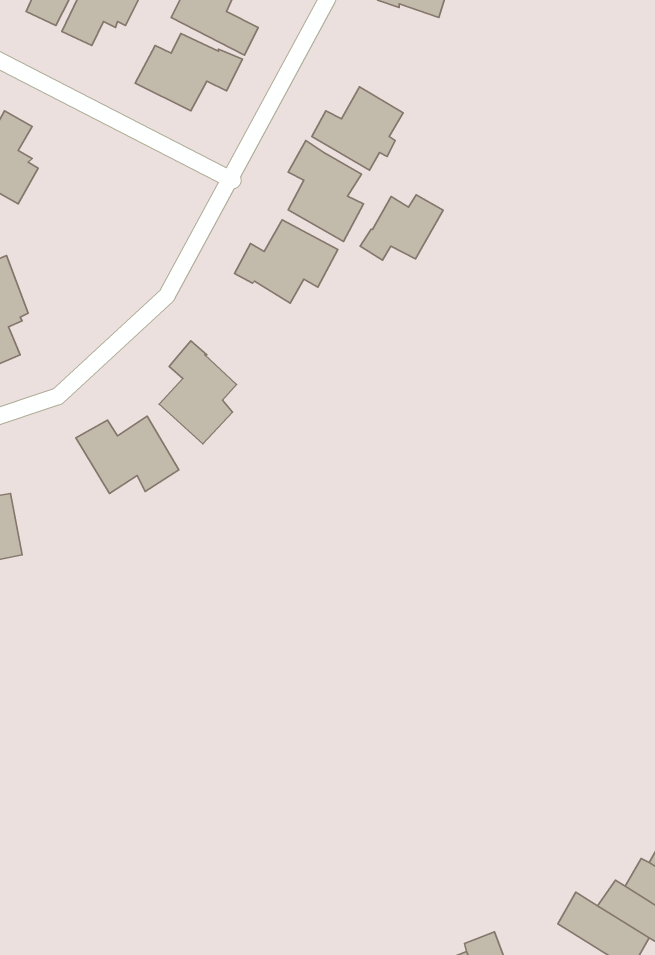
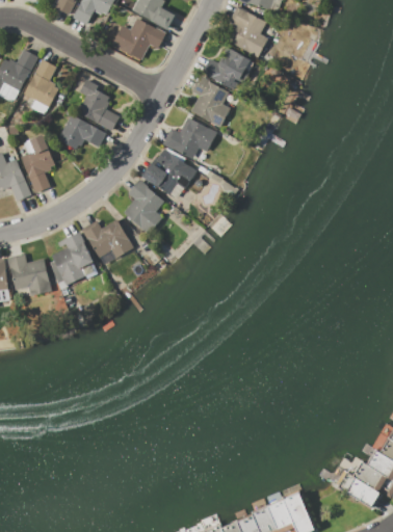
building: none -> [228,6,267,57]
building: none -> [77,80,119,130]
building: [360,195,443,260] -> none
building: none -> [57,114,105,150]
building: none -> [142,150,197,195]
building: none -> [52,233,94,286]

